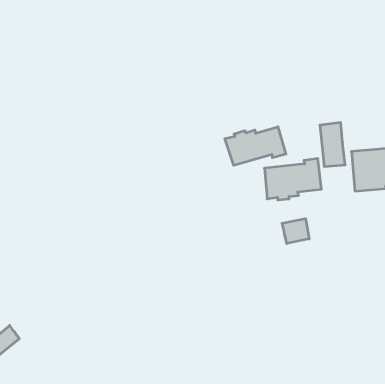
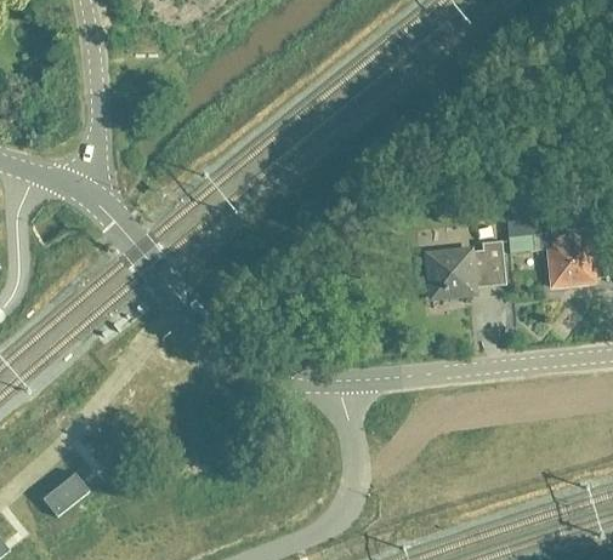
building: [225,127,286,165] -> none
building: [282,219,309,244] -> none

